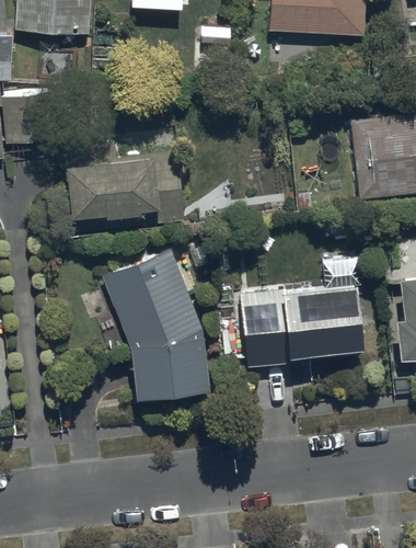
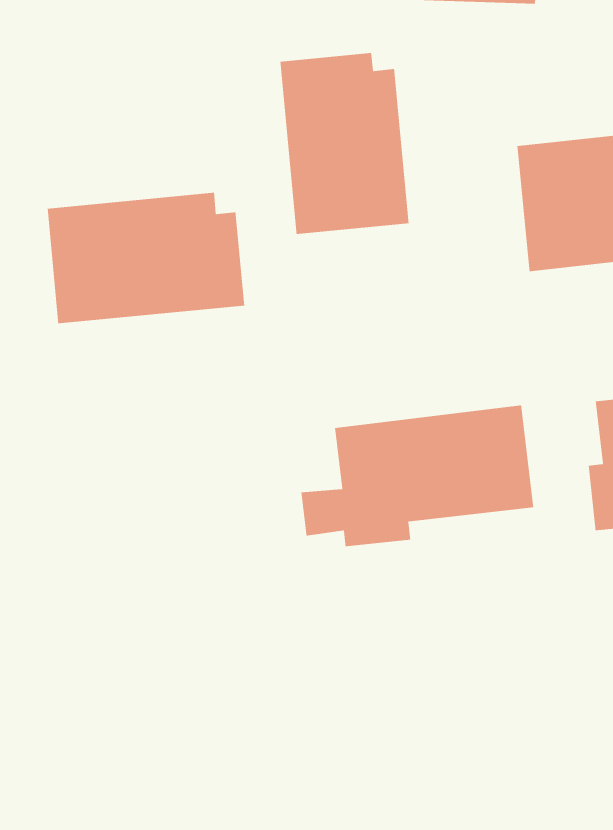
building: none -> [279,52,409,235]
building: [103,250,208,396] -> none

